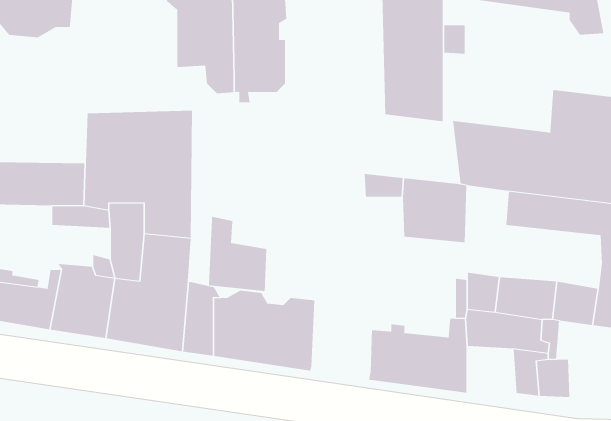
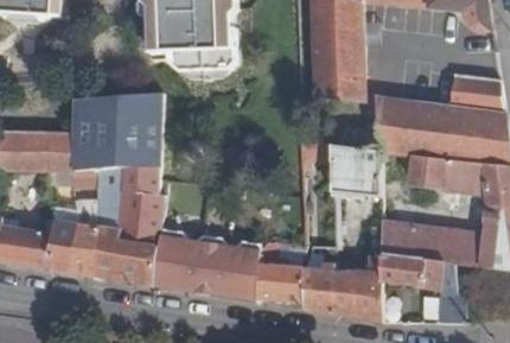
building: [208,216,267,291] -> [255,241,302,301]

